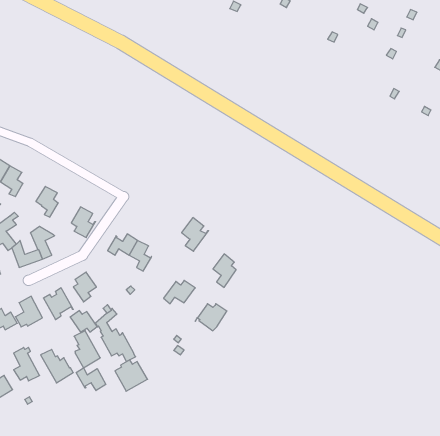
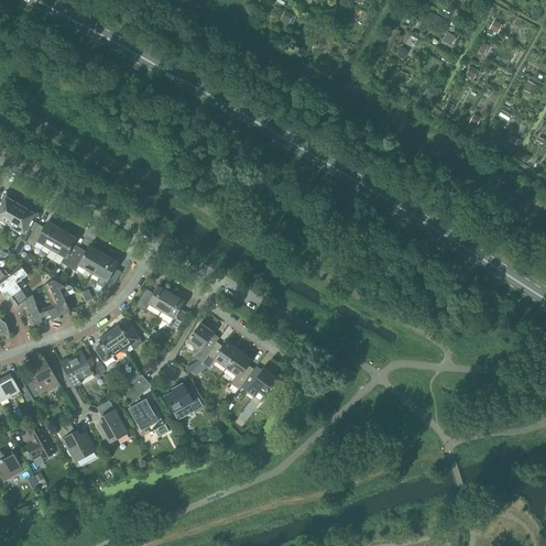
building: none -> [26,221,62,248]
building: none -> [67,245,103,273]
building: [182,218,209,251] -> [187,323,219,362]
building: [213,254,236,287] -> [226,350,253,390]
building: [70,311,97,332] -> [110,324,142,349]
building: [115,360,148,391] -> [164,383,203,421]
building: [76,368,106,391] -> none

